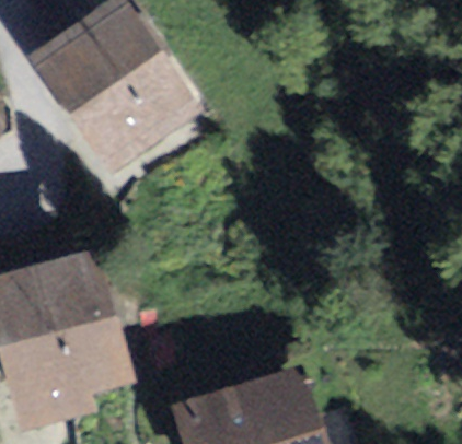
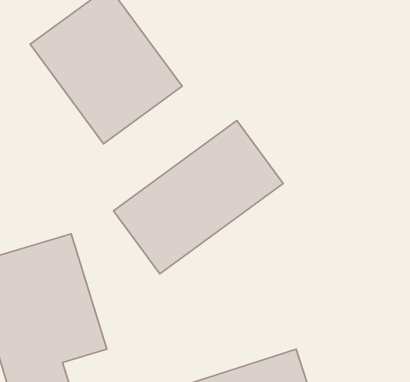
building: none -> [114,120,283,274]

